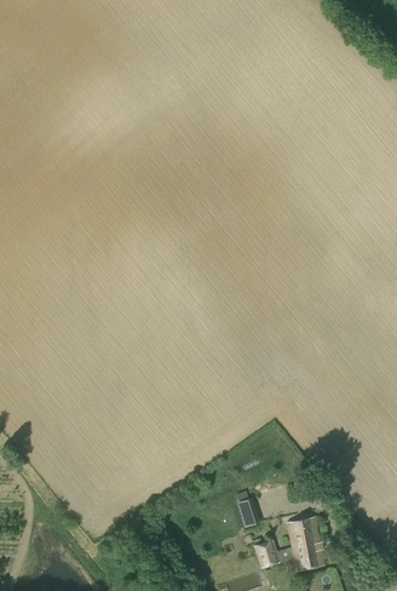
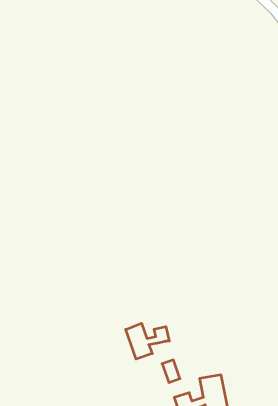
building: none -> [126,323,169,359]

